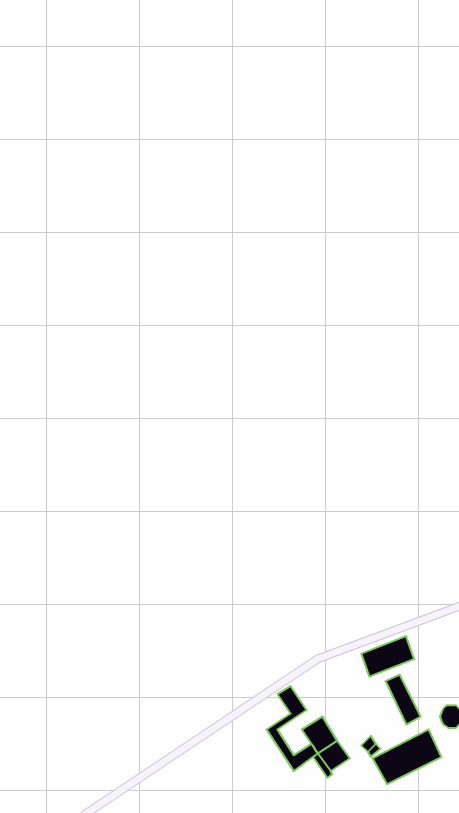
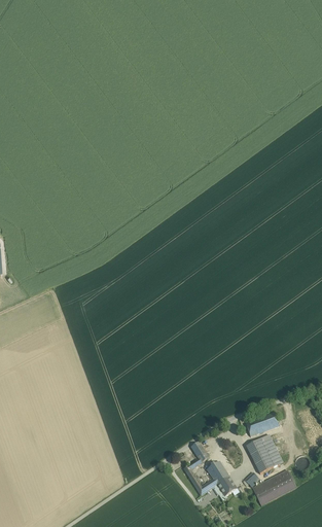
building: none -> [245,440,273,475]

